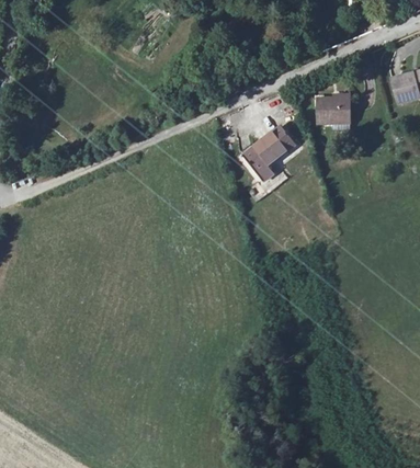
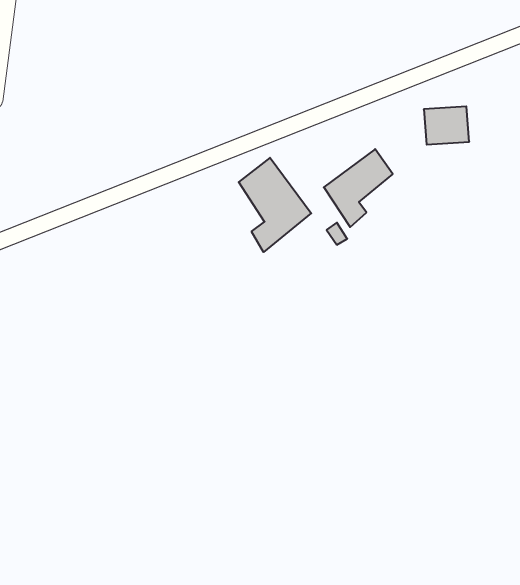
building: none -> [239,158,311,252]

